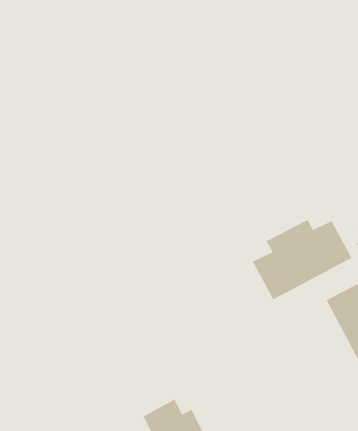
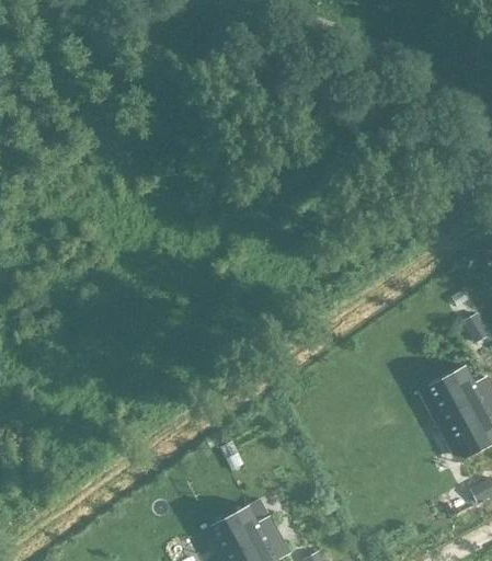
building: [252,219,352,300] -> none

